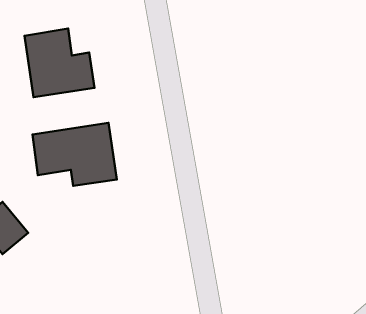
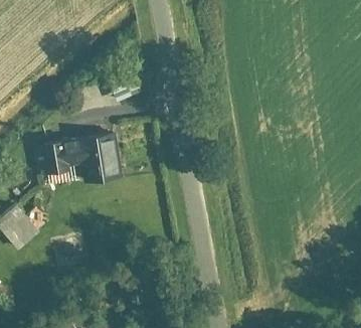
building: [24,28,95,97] -> none

